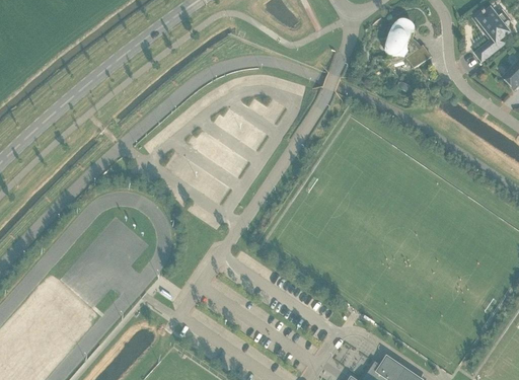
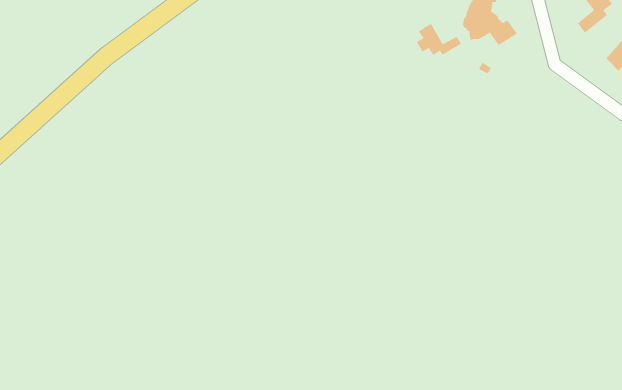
building: none -> [416,23,462,56]

